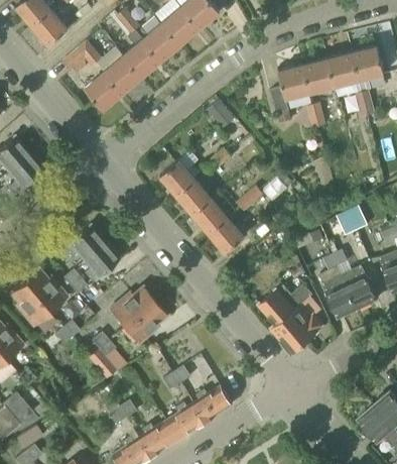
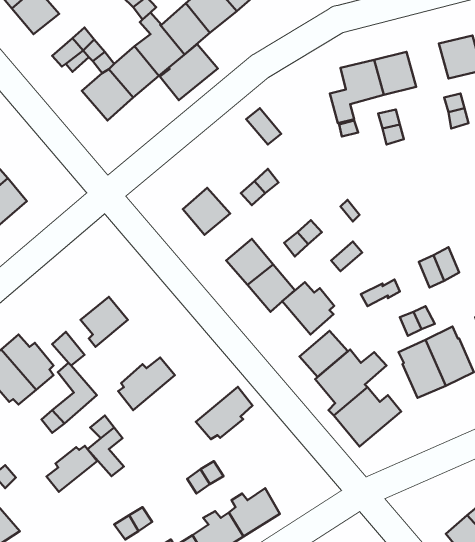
building: [327,53,359,86] -> none
building: none -> [160,44,218,100]
building: [176,181,212,216] -> none
building: [65,226,105,260] -> none
building: none -> [282,282,334,334]
building: none -> [300,331,348,377]
building: [123,302,165,341] -> [196,387,253,439]
building: none -> [46,446,97,492]

